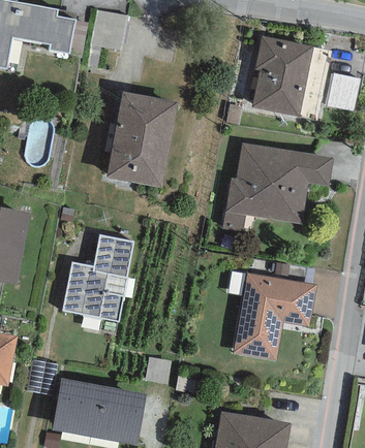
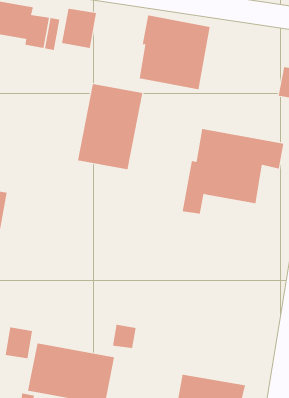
building: [251,36,330,119] -> [139,15,210,90]
building: [61,233,133,322] -> none
building: [232,273,316,360] -> none

